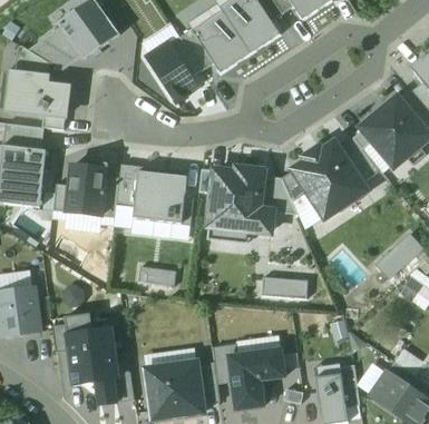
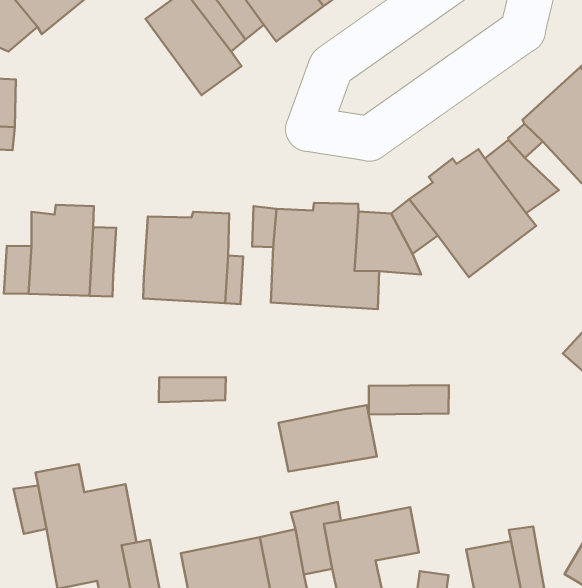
building: [115,169,137,207] -> none
building: none -> [279,405,377,472]

